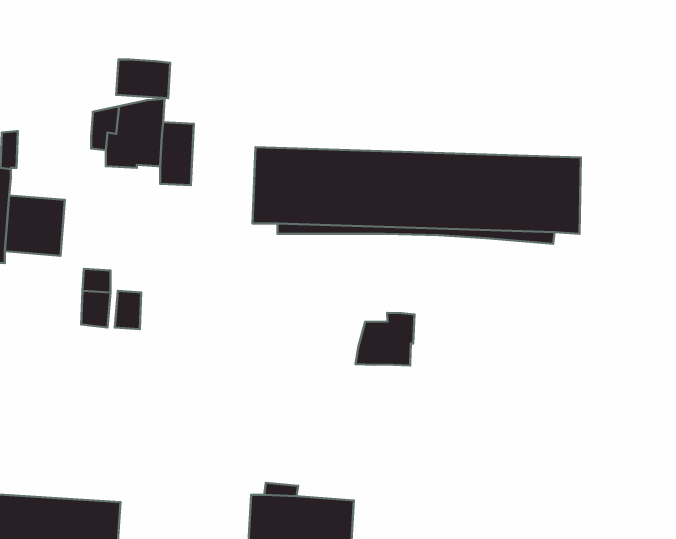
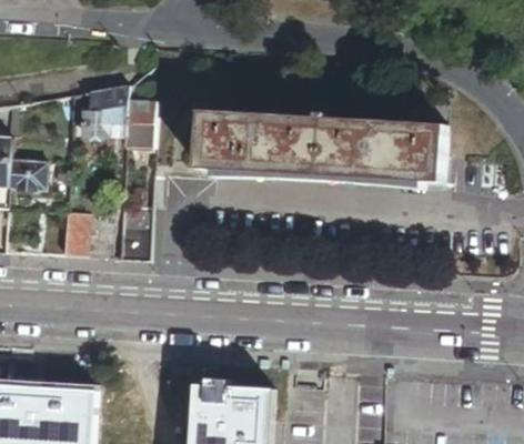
building: [116,59,170,98] -> none
building: none -> [119,219,147,260]
building: [356,313,414,366] -> none

